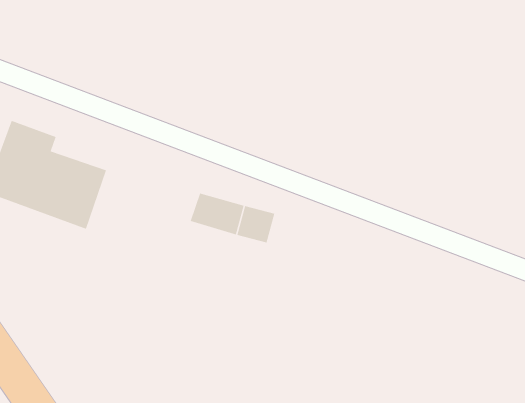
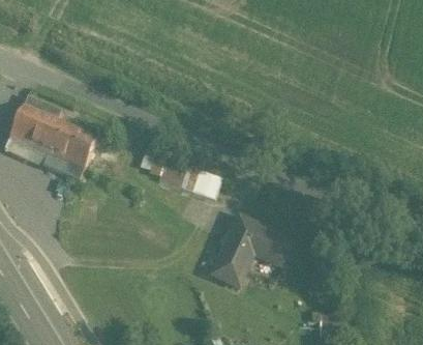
building: none -> [210,215,293,286]

